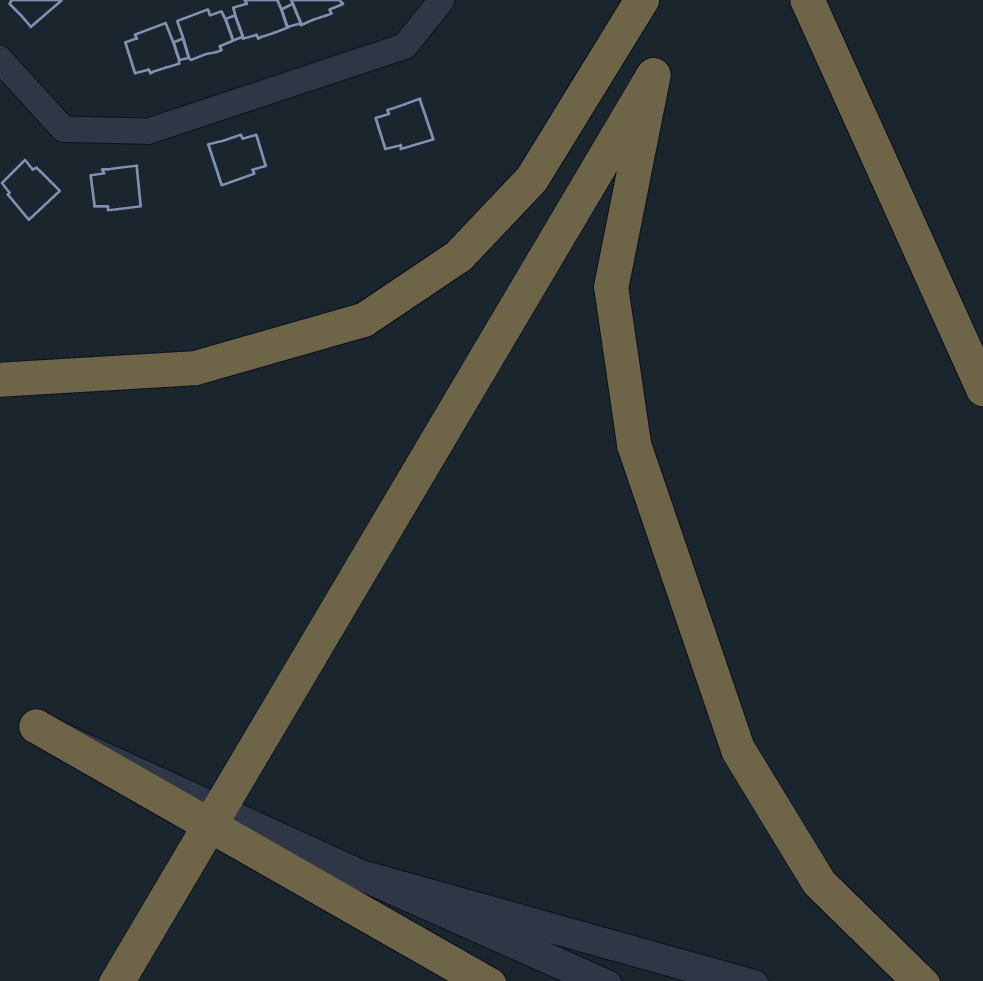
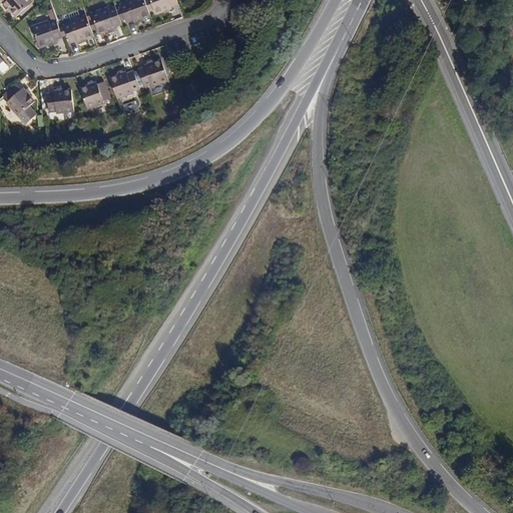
building: none -> [32,20,61,47]
building: [376,99,433,149] -> [137,60,167,86]
building: none -> [78,81,108,108]

